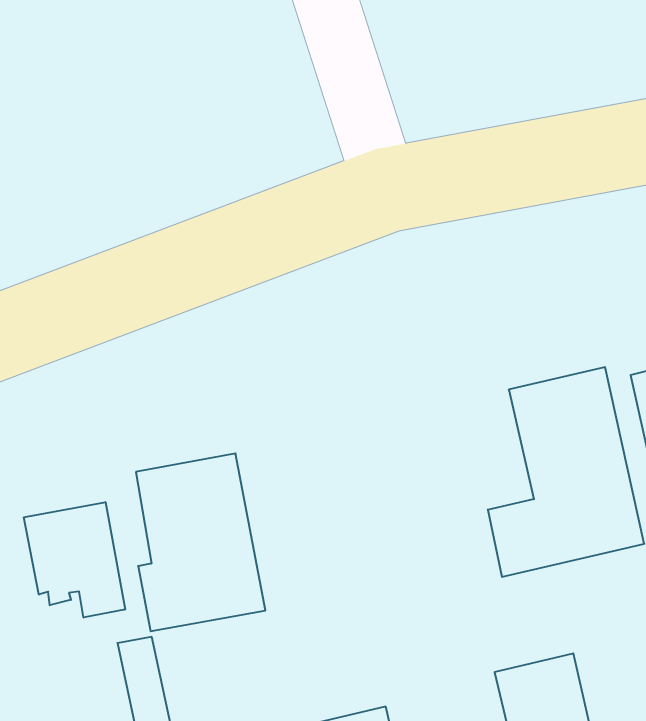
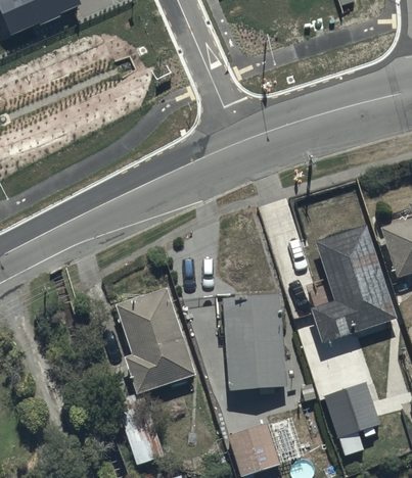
building: none -> [222,294,285,389]
building: [24,502,125,618] -> none

